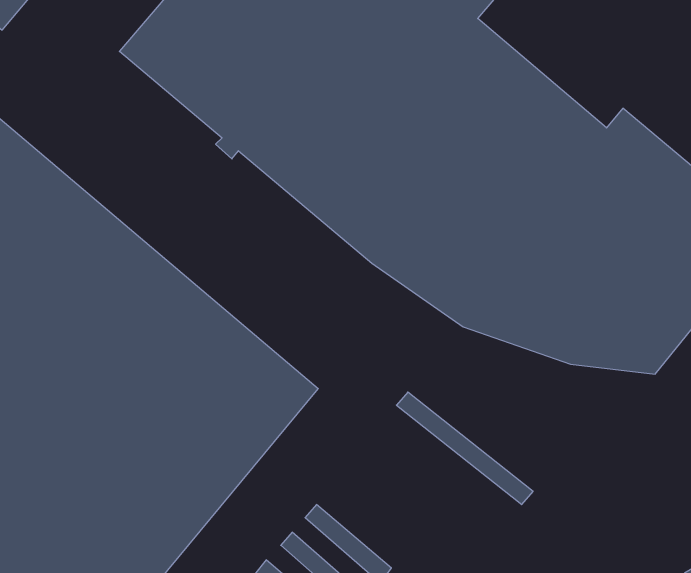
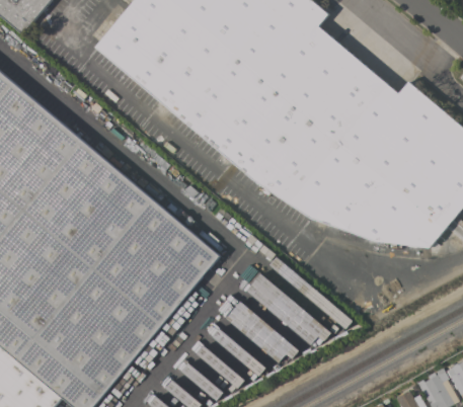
building: none -> [245,274,329,349]
building: none -> [224,302,298,362]

